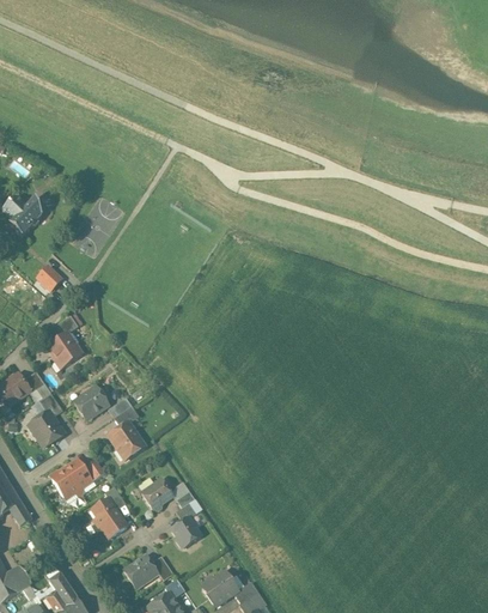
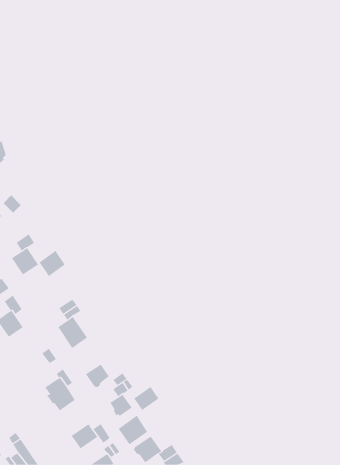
building: [74,386,108,419] -> [39,250,65,277]
building: [49,456,93,499] -> none
building: none -> [134,386,159,411]
building: none -> [118,415,148,445]

